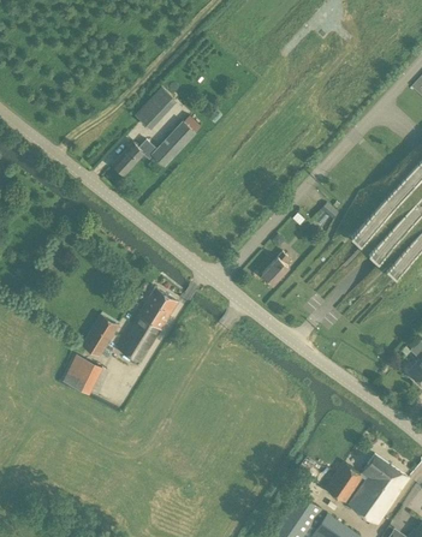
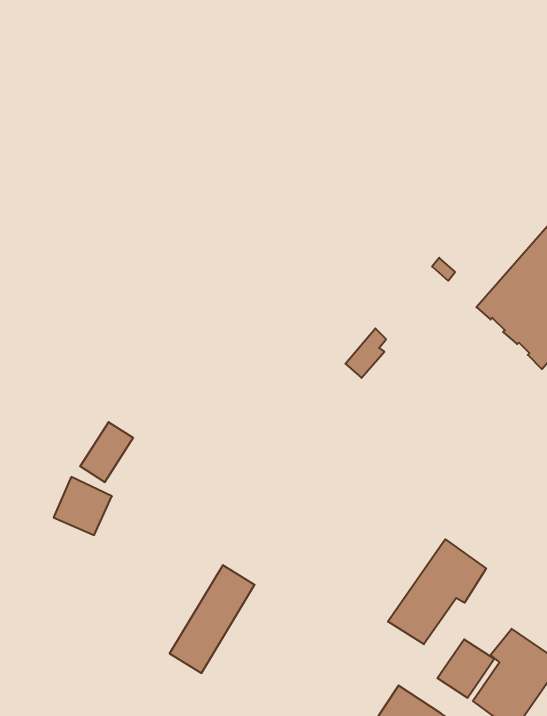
building: [135,86,176,129] -> none
building: [112,123,194,175] -> none
building: [118,290,176,363] -> [170,565,255,673]
building: none -> [388,539,486,644]

